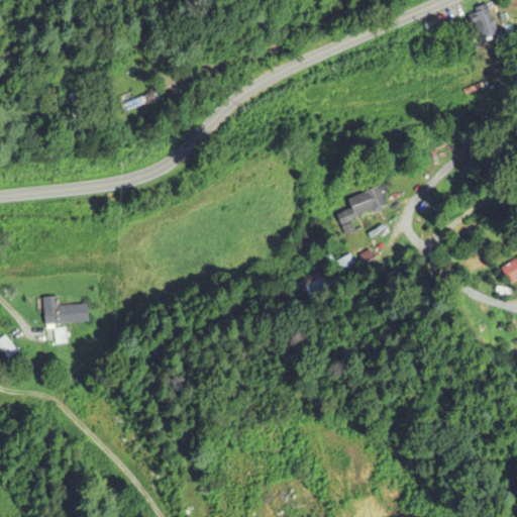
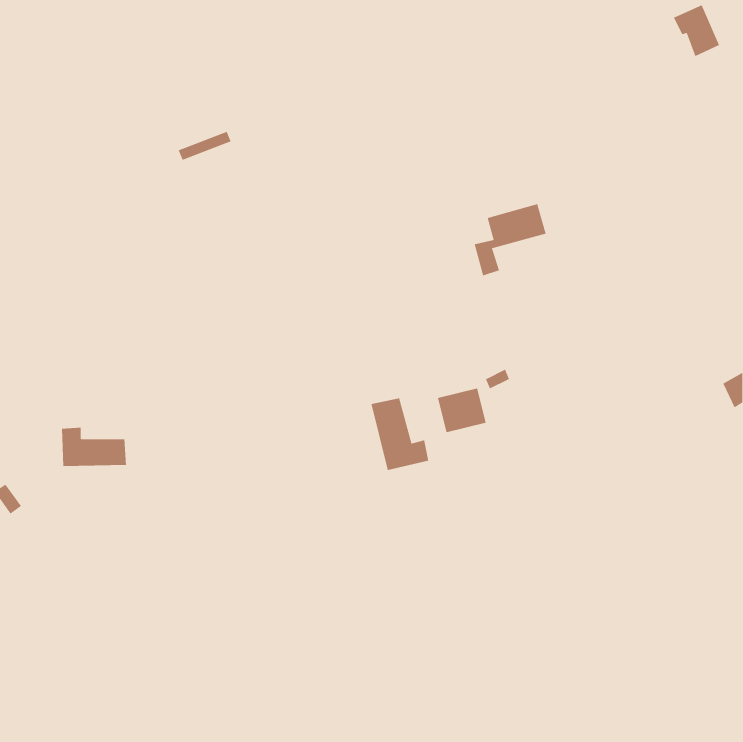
building: [338,185,389,235] -> [474,203,547,276]
building: none -> [371,397,429,471]

